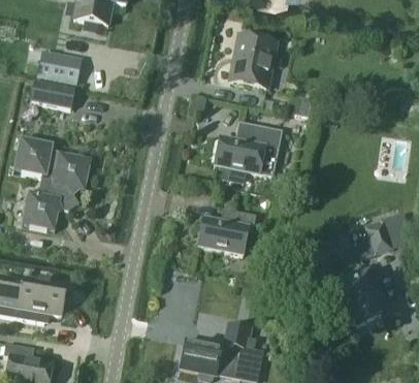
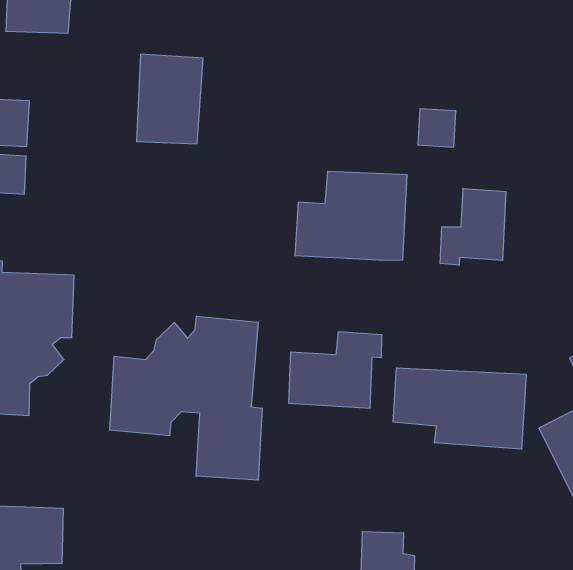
building: [231,35,275,89] -> [137,54,203,144]
building: none -> [440,188,506,265]
building: none -> [110,316,262,480]
building: none -> [393,368,526,449]

